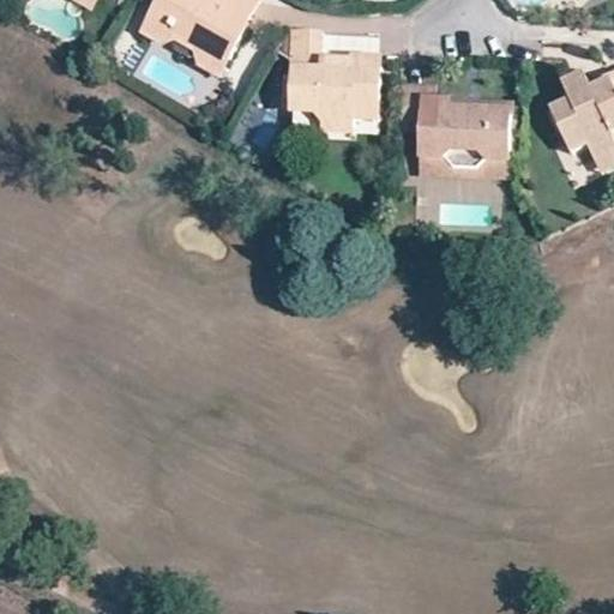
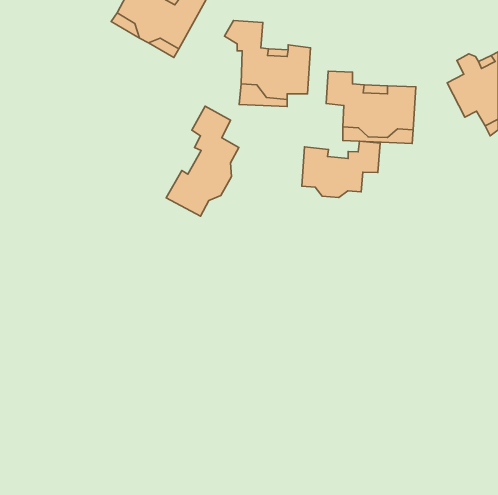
building: none -> [166,106,239,216]
building: none -> [302,141,380,198]

